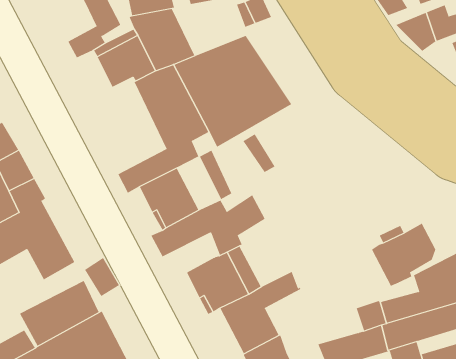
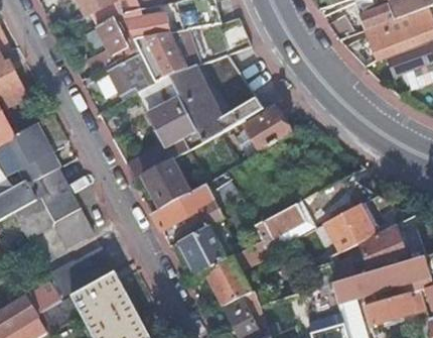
building: none -> [244,108,290,151]
building: none -> [255,204,305,253]

